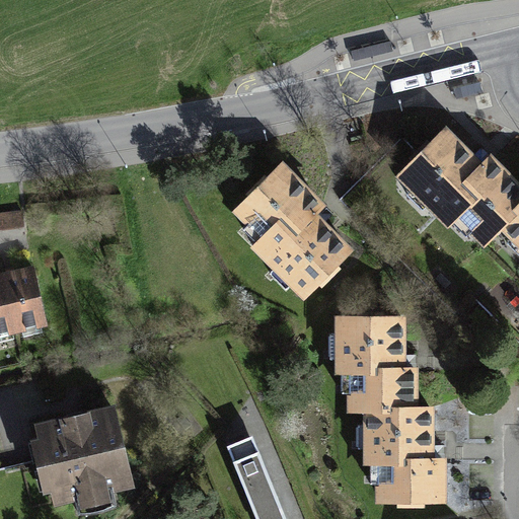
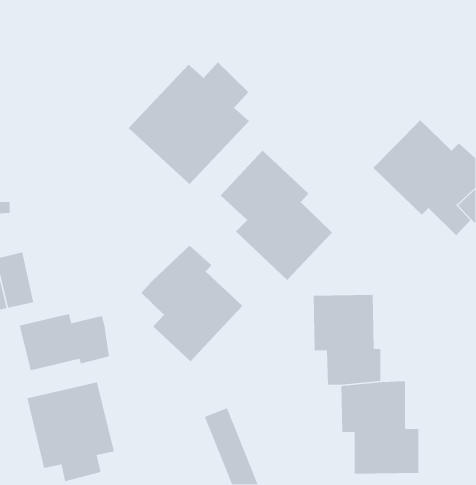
building: none -> [128,62,250,185]
building: none -> [141,245,243,362]
building: none -> [19,313,110,371]

